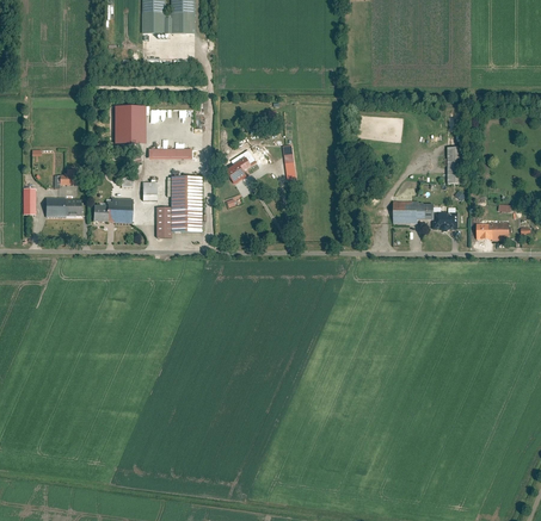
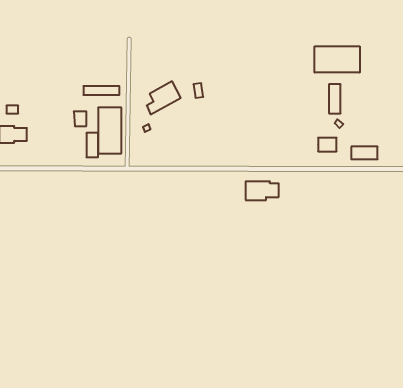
building: none -> [315,46,360,73]
building: [113,107,147,143] -> none
building: [96,200,133,225] -> none
building: [395,201,436,224] -> [246,181,279,200]

